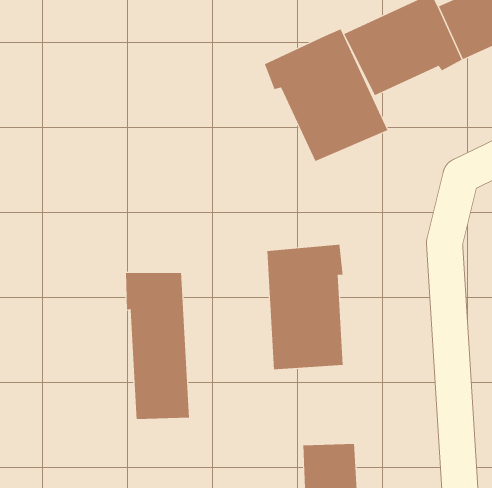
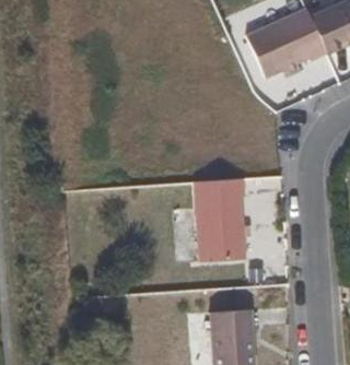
building: [264,29,388,162] -> none
building: [126,272,190,420] -> none

